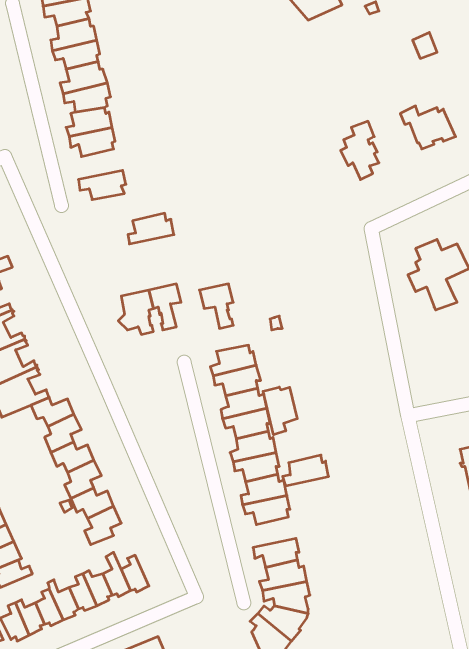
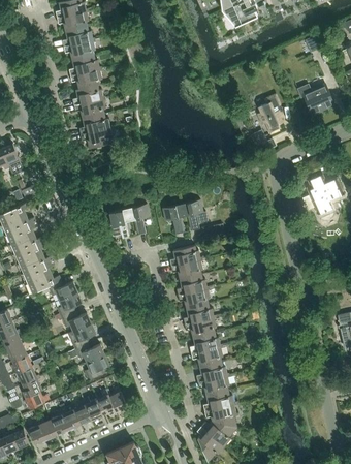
building: [128,213,174,244] -> [79,114,110,134]
building: none -> [182,199,203,231]
building: [263,387,297,435] -> none
building: [283,455,329,486] -> [196,362,227,382]

